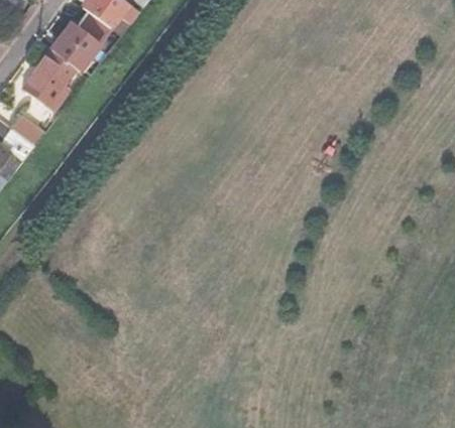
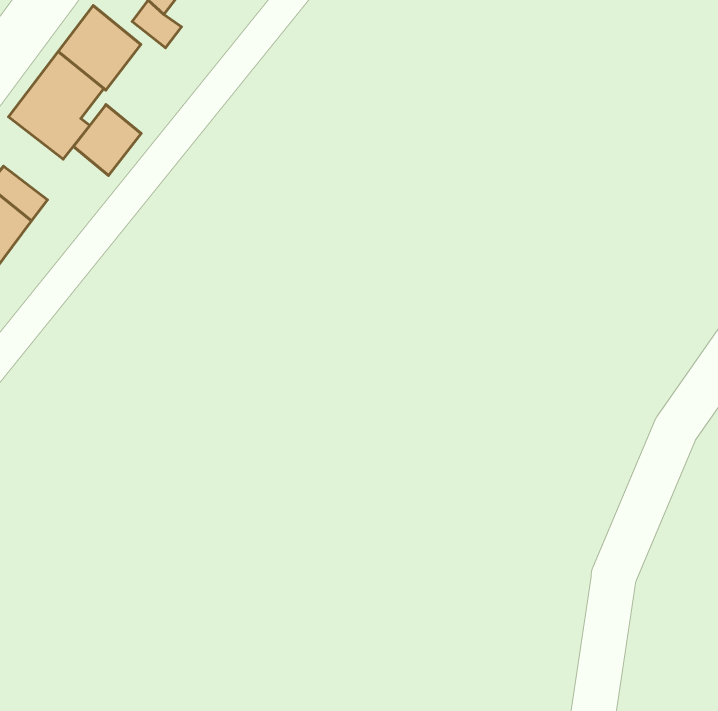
building: none -> [73,105,141,175]

